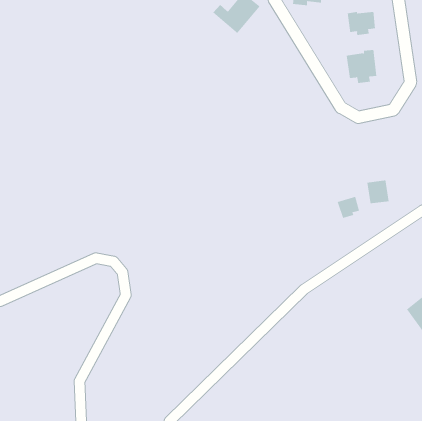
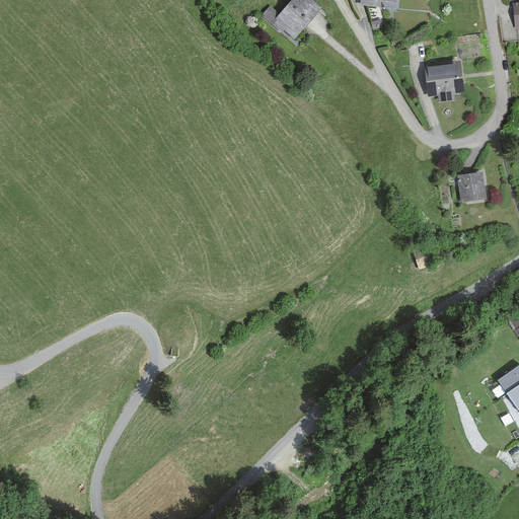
building: [347,11,376,36] -> none
building: [366,180,390,204] -> [456,170,485,200]

